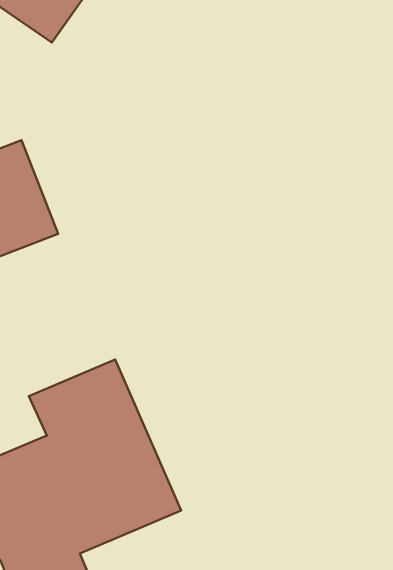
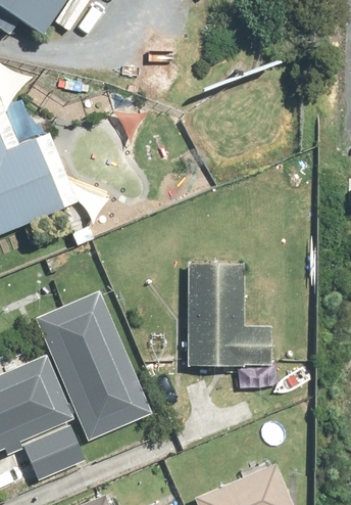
building: none -> [183,266,269,373]

